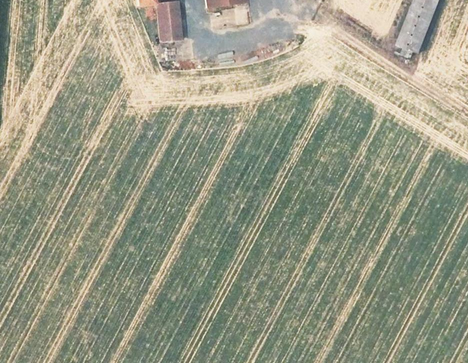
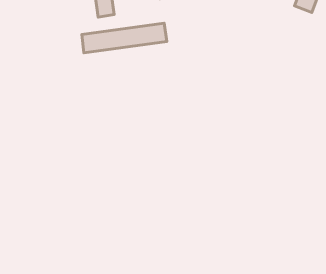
building: none -> [82,23,167,53]

